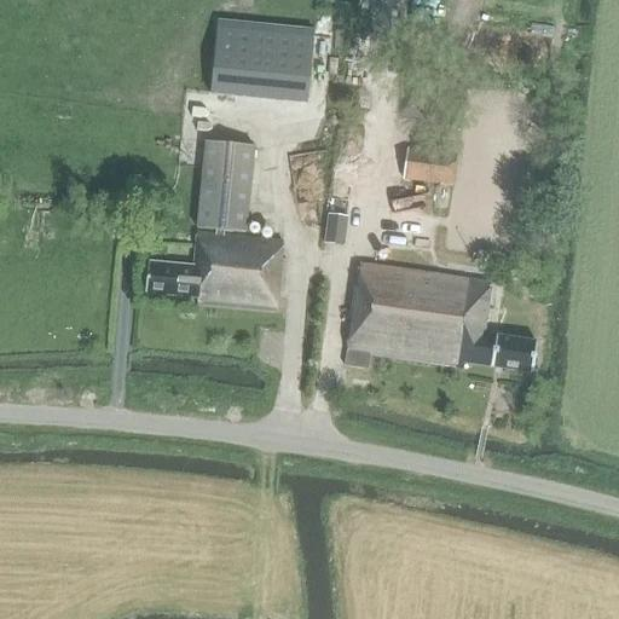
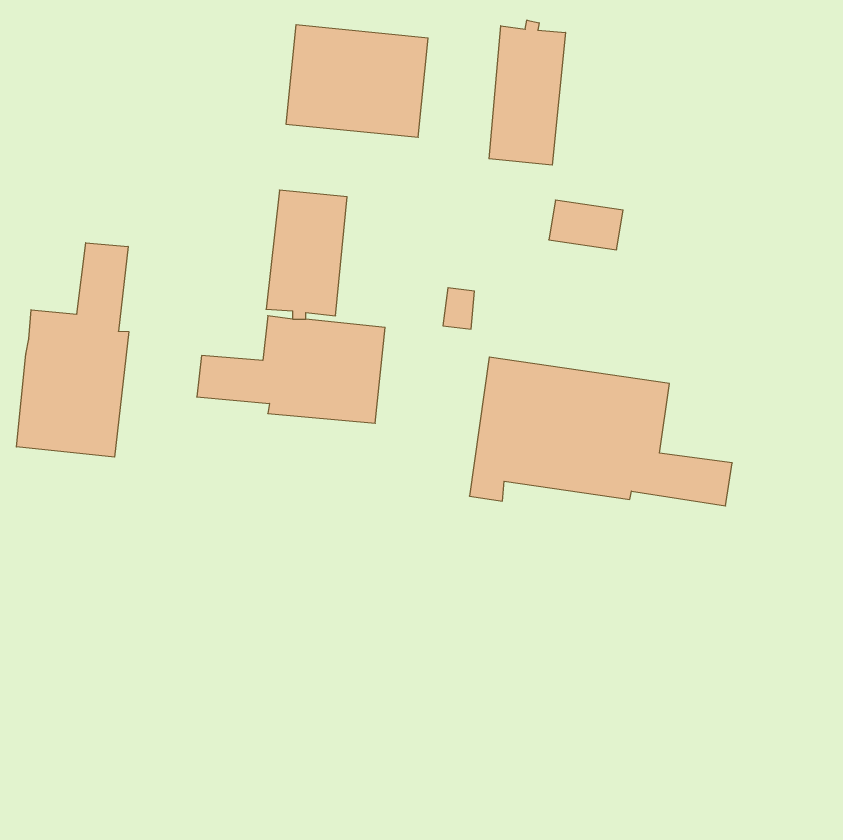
building: none -> [489,20,565,165]
building: none -> [16,243,129,457]

